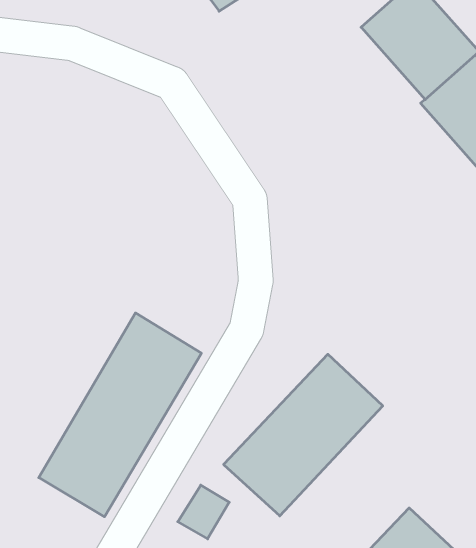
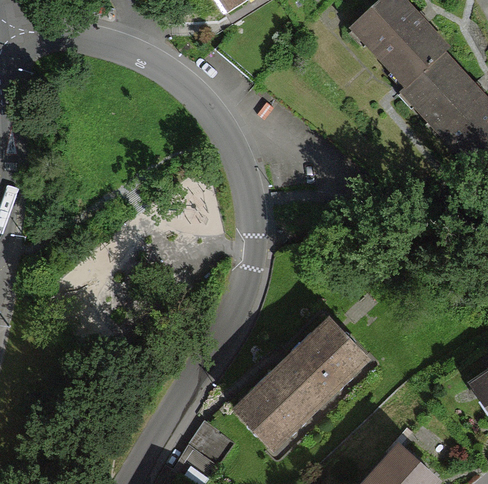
building: [39,313,201,517] -> none

